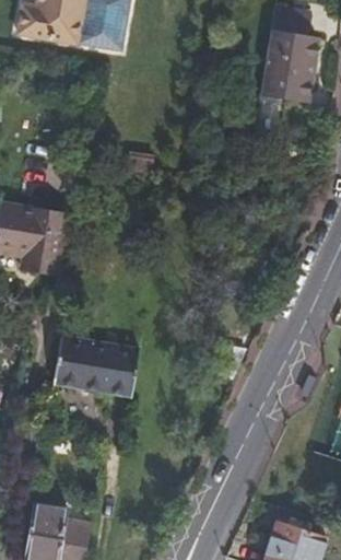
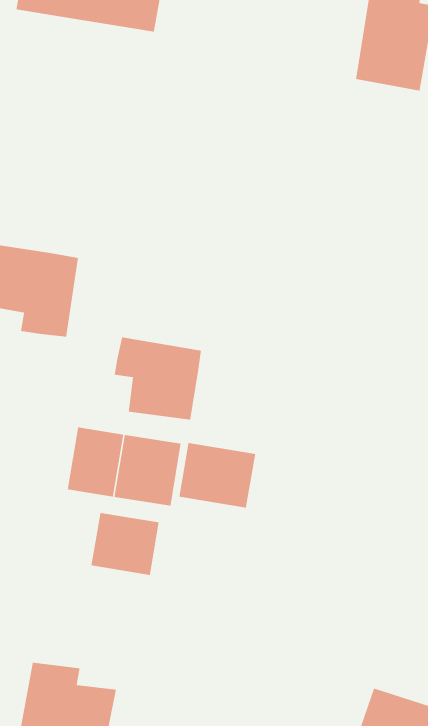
building: none -> [114,336,202,420]
building: none -> [178,442,256,508]
building: none -> [91,512,160,576]

